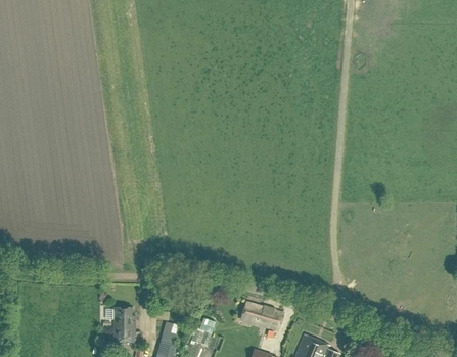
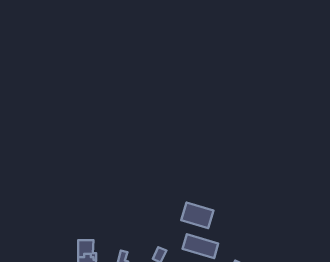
building: none -> [181,202,213,228]

